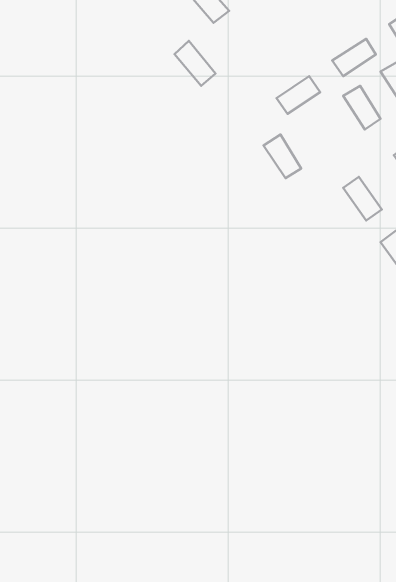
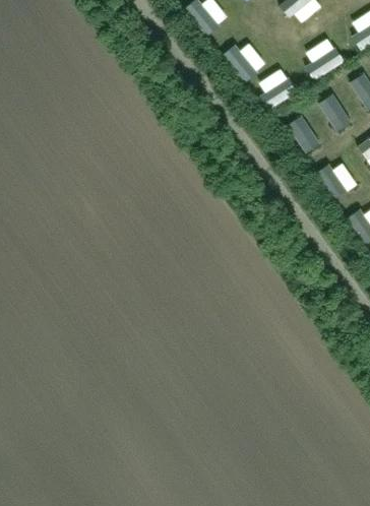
building: [174,41,216,86] -> [223,46,257,83]
building: [264,135,301,178] -> [284,110,315,146]

